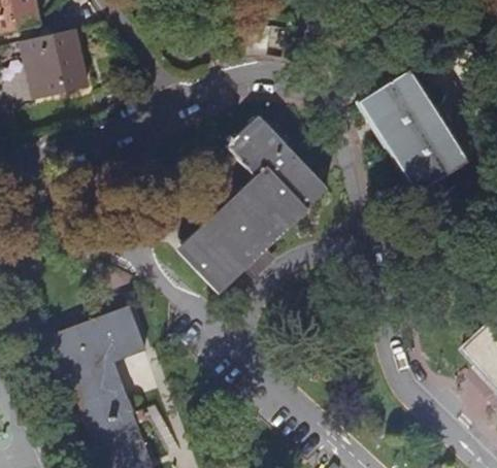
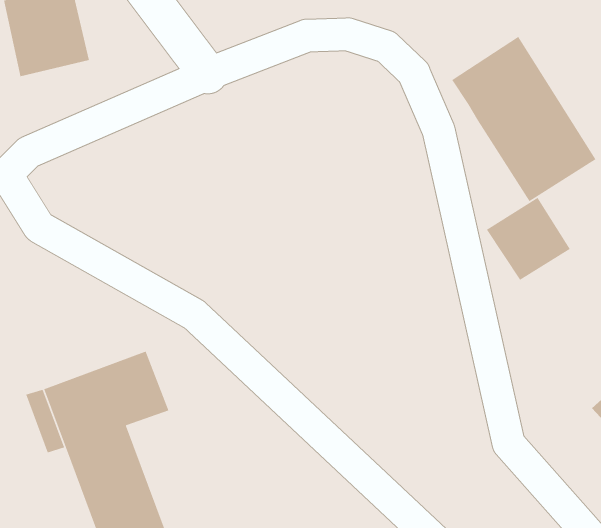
building: [184,116,329,283] -> none
building: none -> [486,197,571,281]

